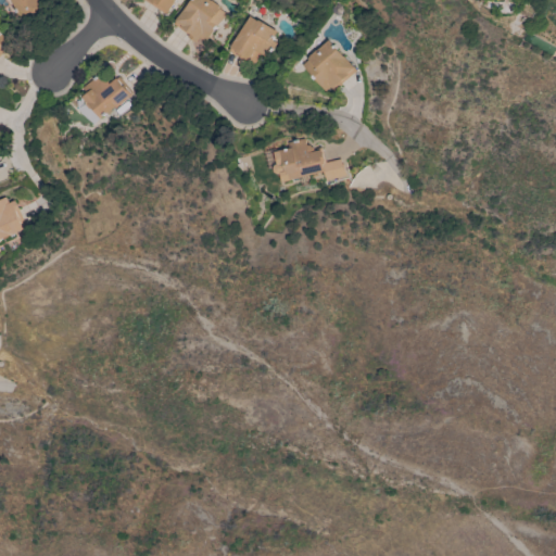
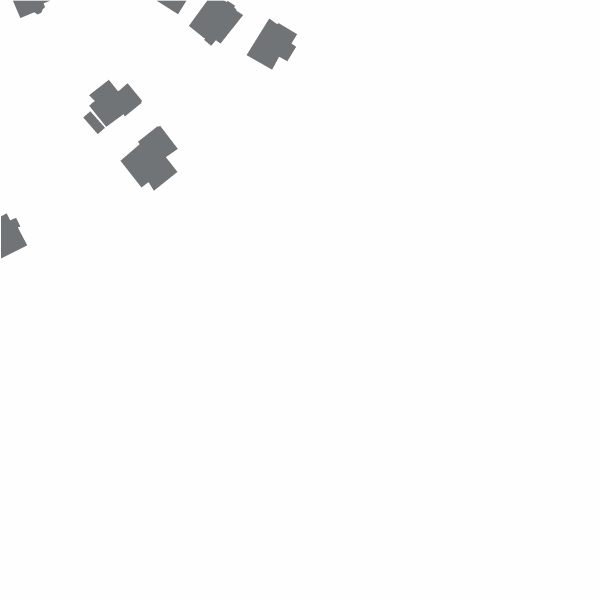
building: [303,40,355,91] -> none
building: none -> [119,125,179,192]
building: [273,138,345,181] -> none

